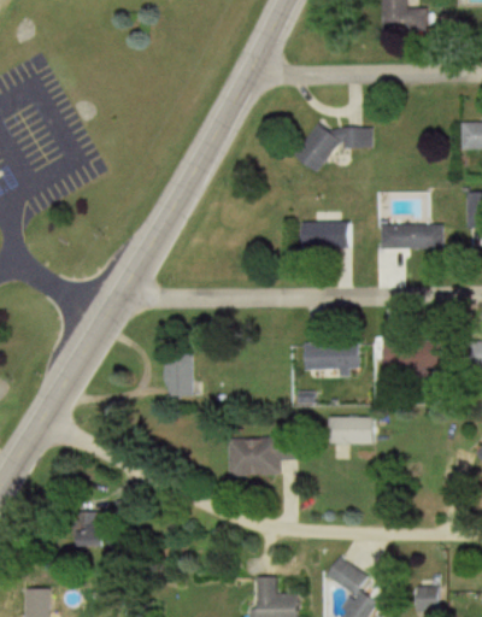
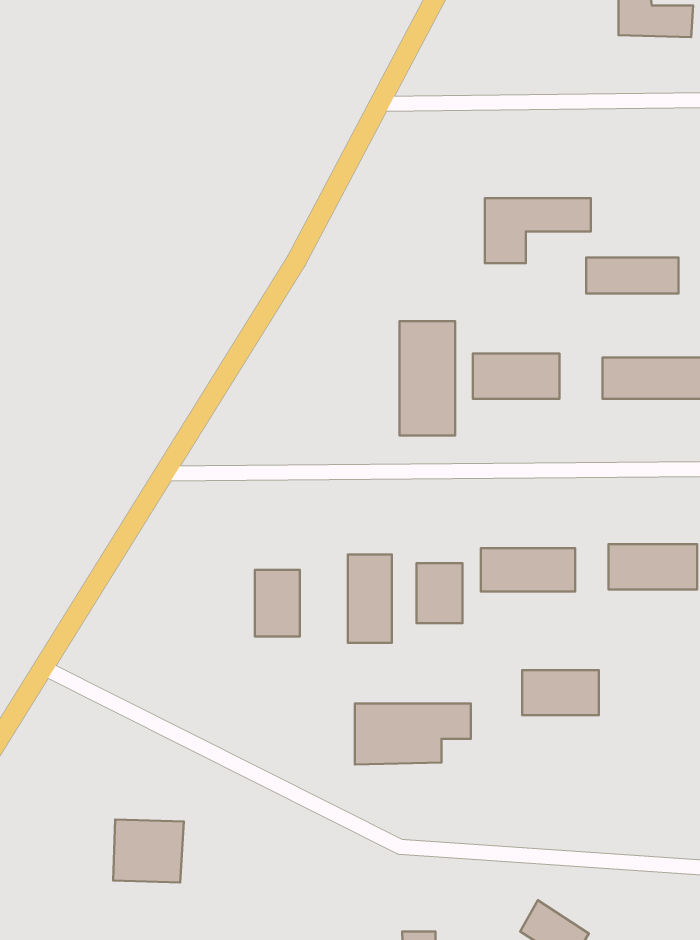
building: none -> [586,258,679,294]
building: none -> [400,321,455,435]
building: none -> [348,554,392,643]
building: none -> [416,563,463,623]

